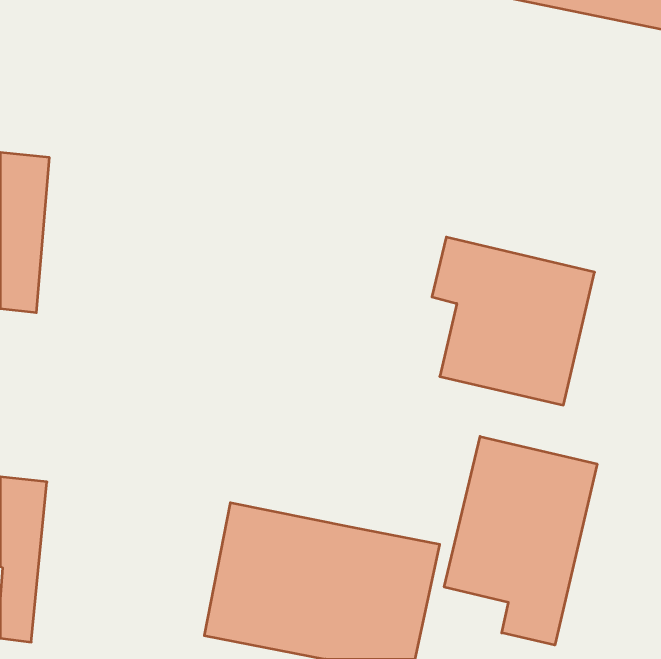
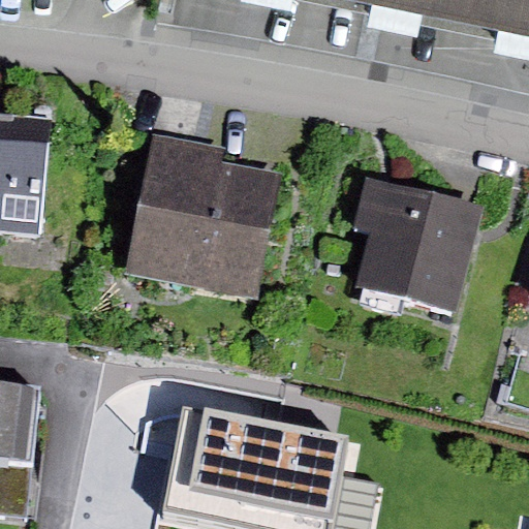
building: none -> [125,139,272,303]
building: [444,436,597,645] -> none

